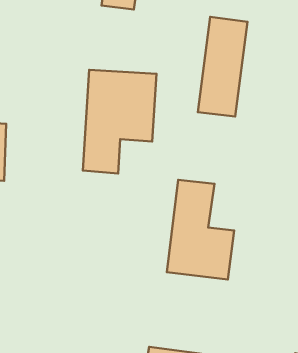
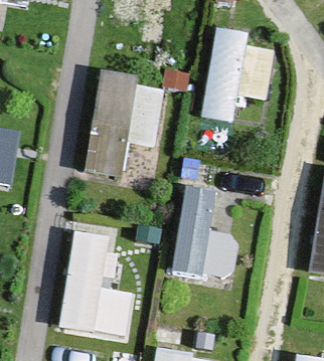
building: none -> [62,227,131,335]

